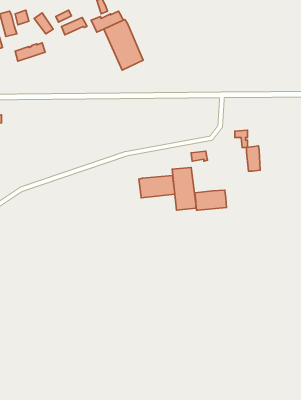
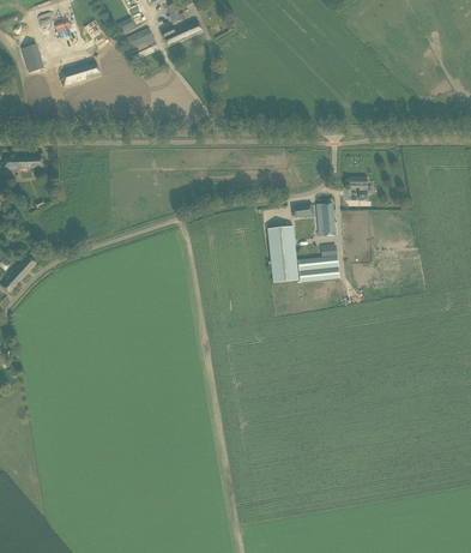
building: [104,19,143,70] -> none
building: [247,146,260,171] -> [315,202,333,235]
building: [139,175,175,198] -> none

